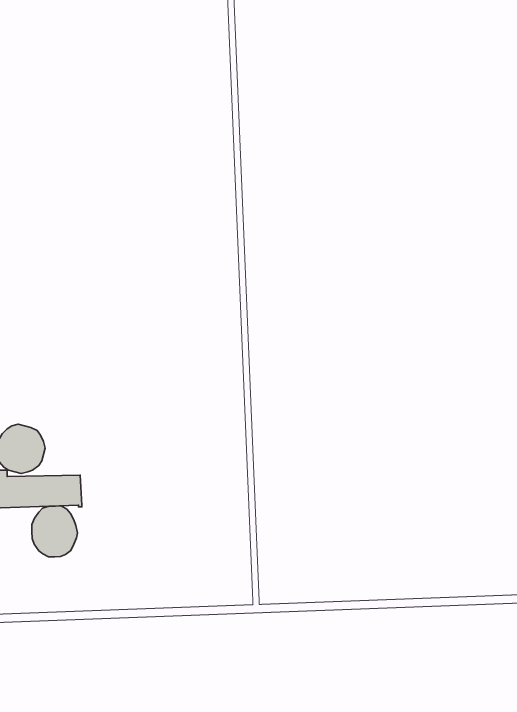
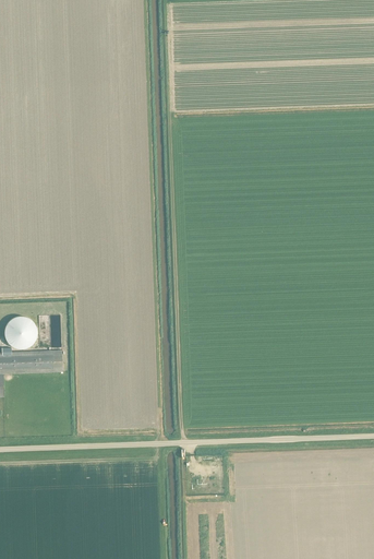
building: [32,506,77,557] -> none

